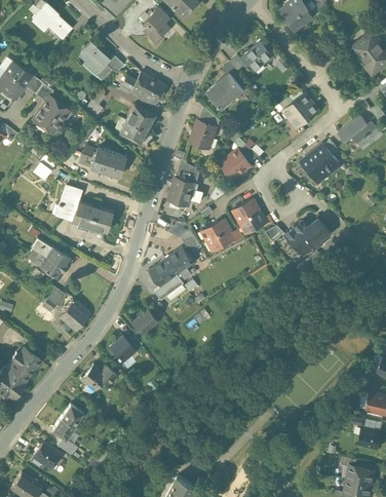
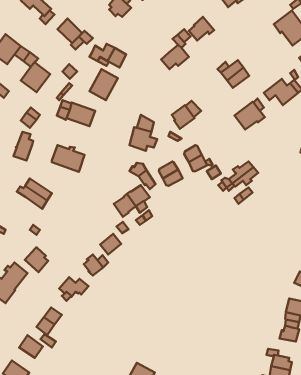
building: [189,119,218,150] -> none
building: [54,184,79,220] -> [13,132,33,160]
building: [59,302,88,333] -> [25,248,48,272]

